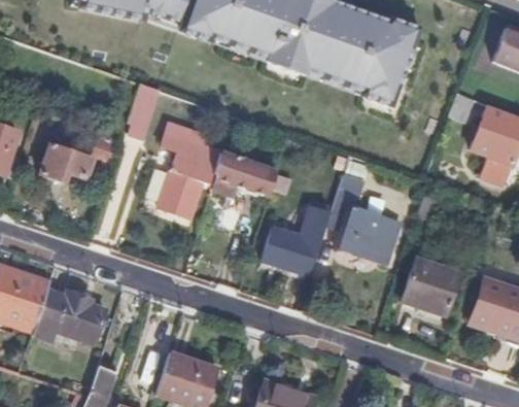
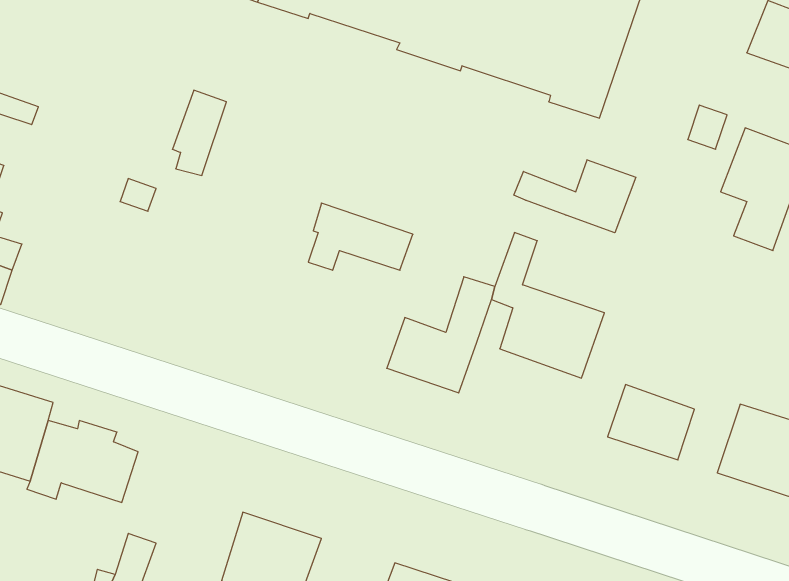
building: [160,121,222,224] -> none
building: none -> [514,160,636,233]
building: [40,145,96,182] -> none

